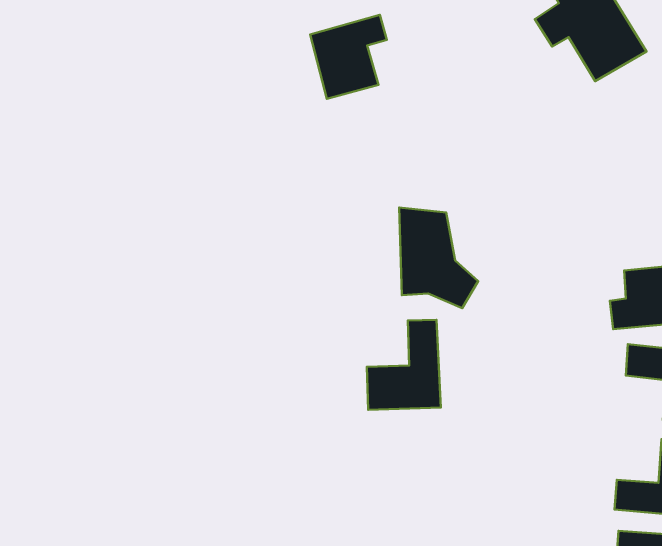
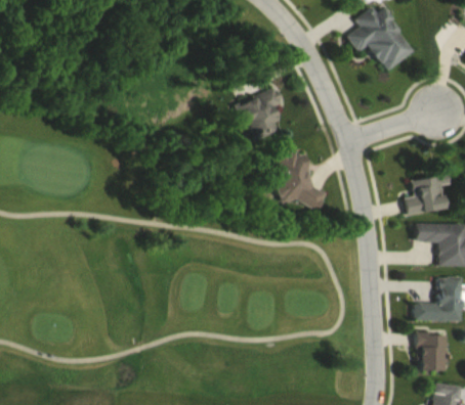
building: [310,15,387,99] -> [237,89,282,140]
building: [367,320,441,410] -> none

